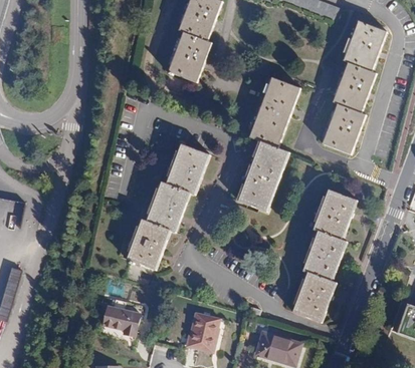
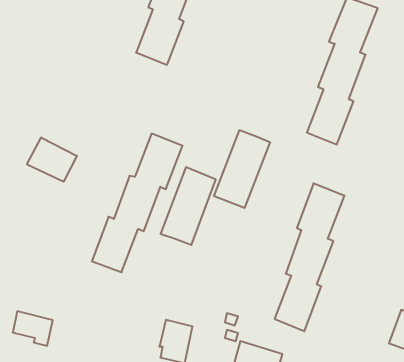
building: [248,77,298,147] -> [160,167,216,245]
building: none -> [27,137,77,182]
building: [102,306,139,337] -> [13,311,53,346]

